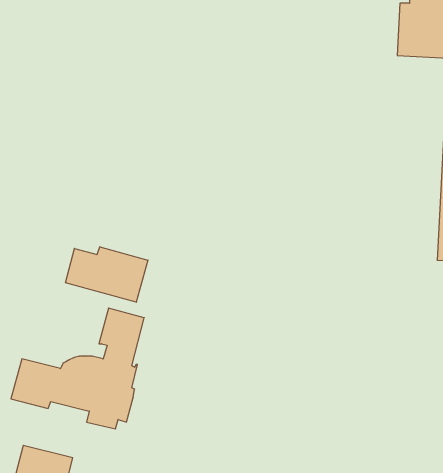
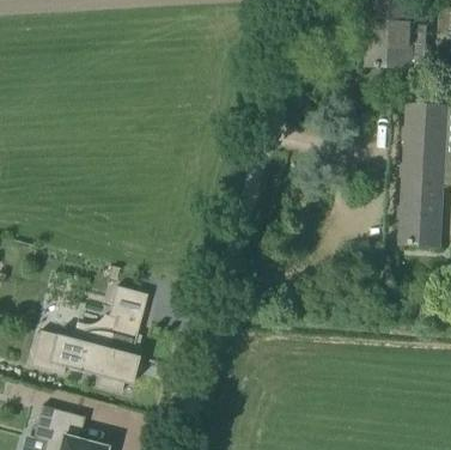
building: [65,247,148,302] -> none

